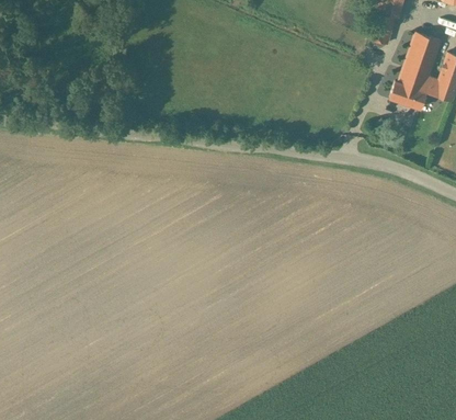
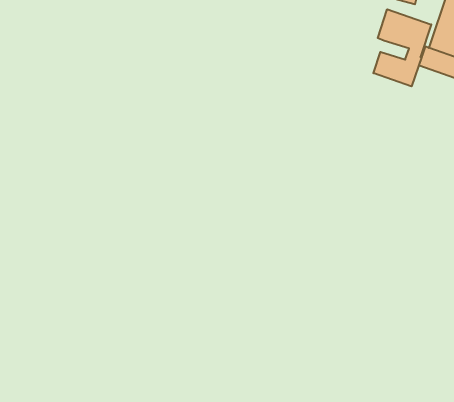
building: none -> [373,9,431,86]

